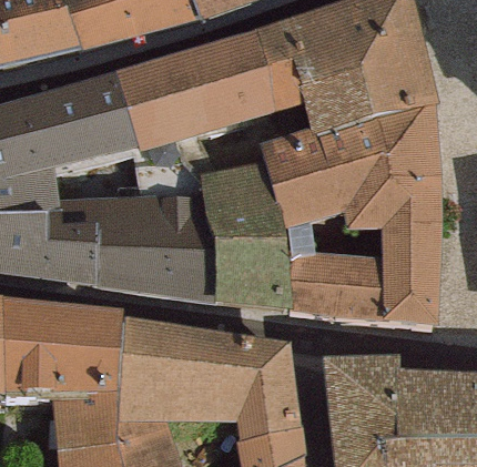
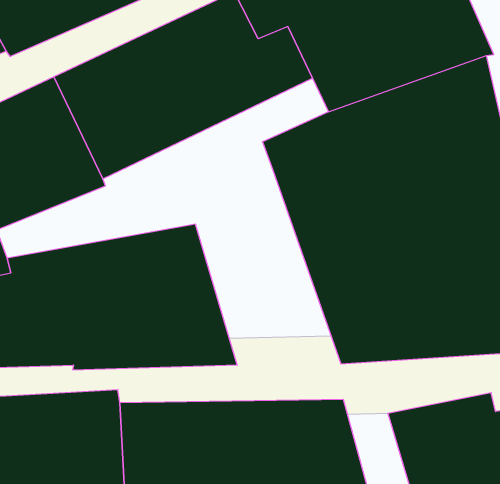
building: [199,165,292,316] -> none

